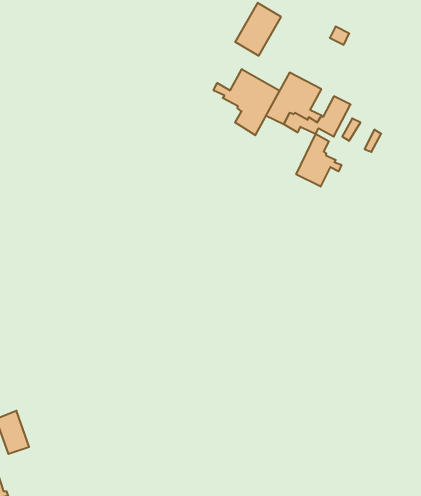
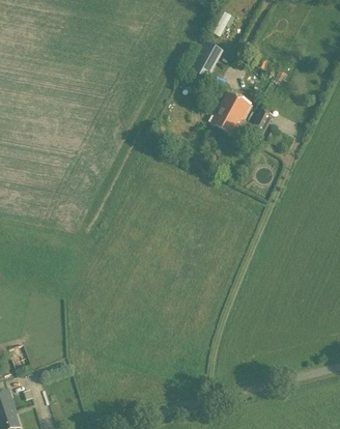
building: [214,69,279,135] -> none
building: [296,134,341,187] -> none

